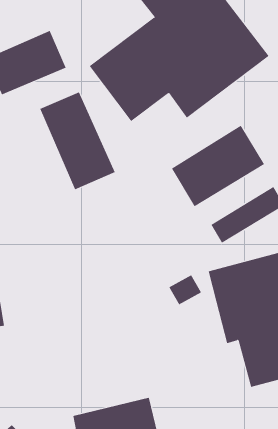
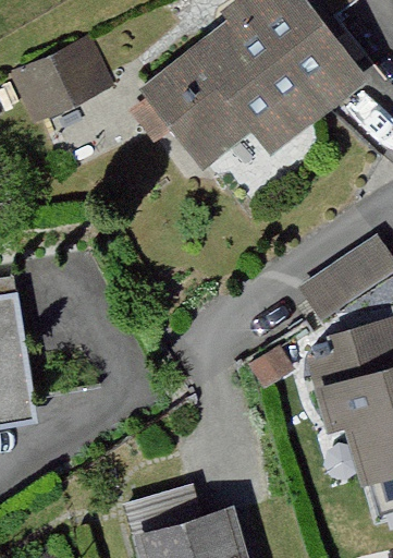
building: [39,91,115,190] -> none
building: [171,125,265,207] -> none

